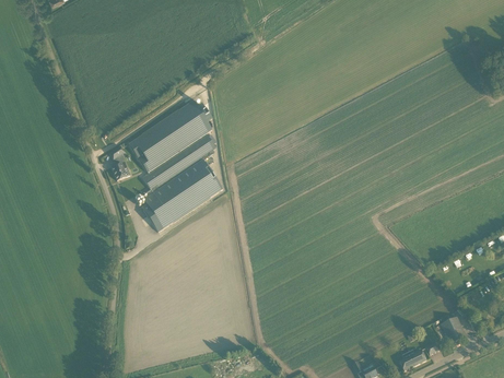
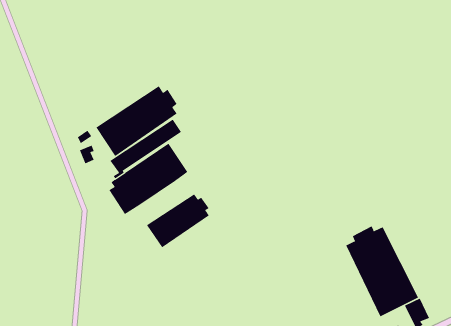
building: none -> [146,194,210,248]
building: none -> [346,225,419,317]

